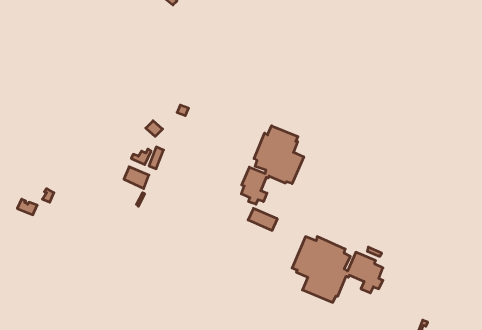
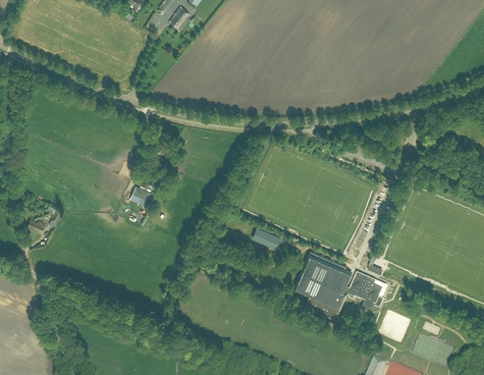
building: [241,126,304,204] -> none

